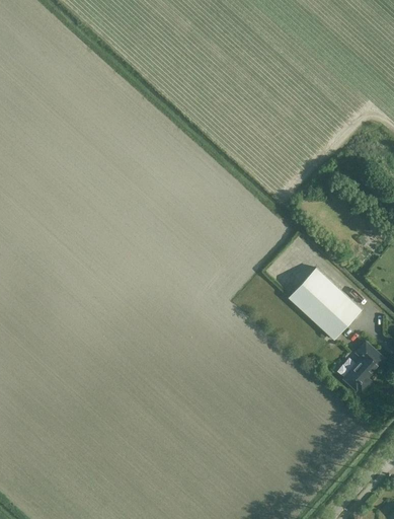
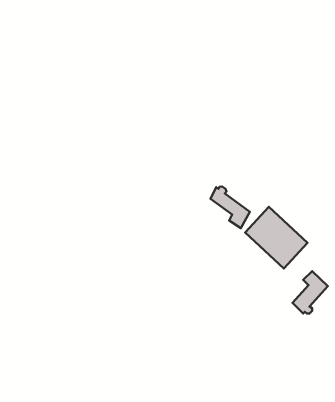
building: none -> [210,187,250,228]

